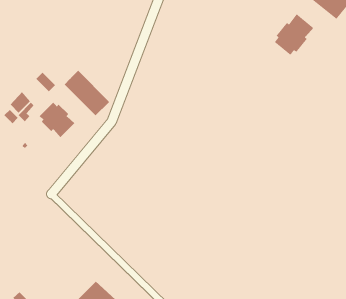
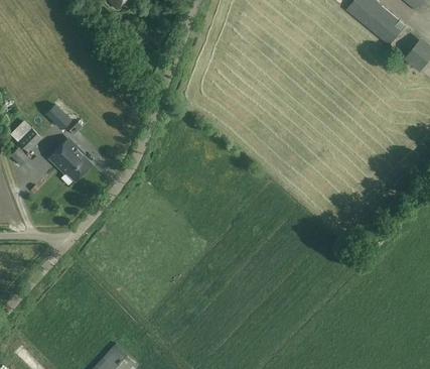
building: [274,13,314,56] -> none
building: [64,70,110,116] -> none

